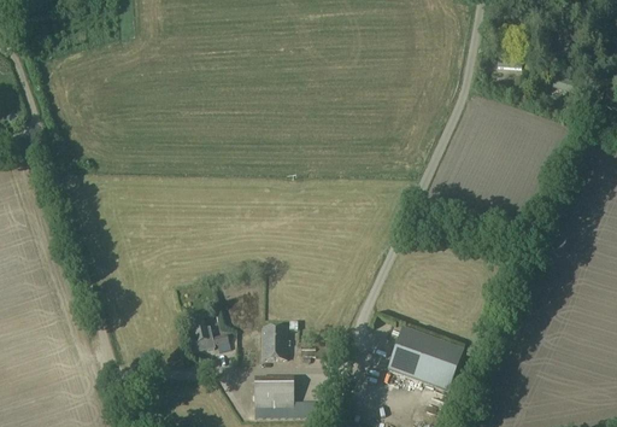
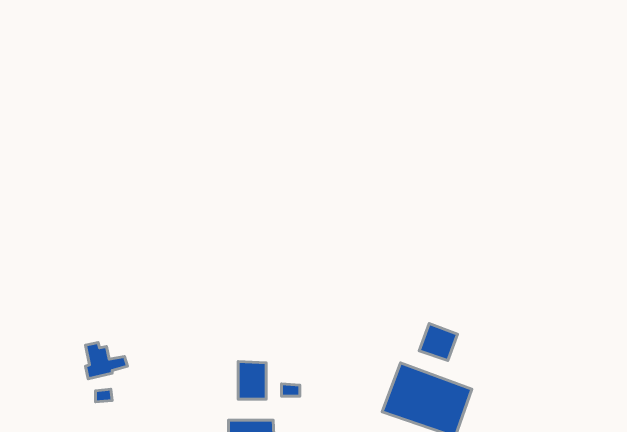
building: none -> [419,324,458,360]
building: [194,321,230,352] -> [85,342,127,379]

